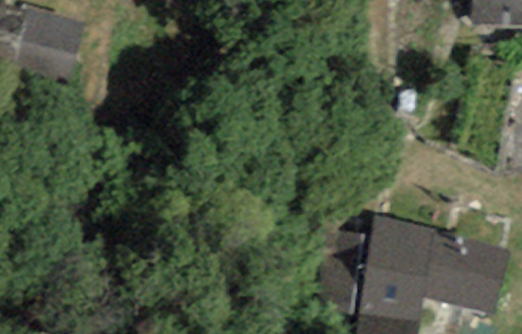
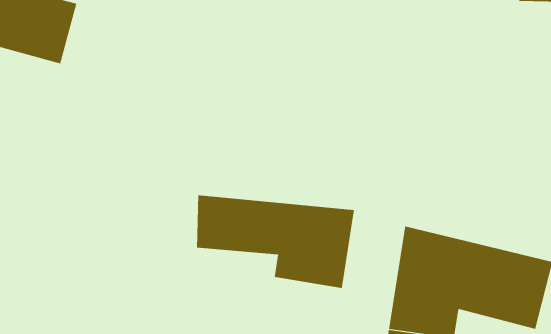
building: none -> [196,195,355,289]

